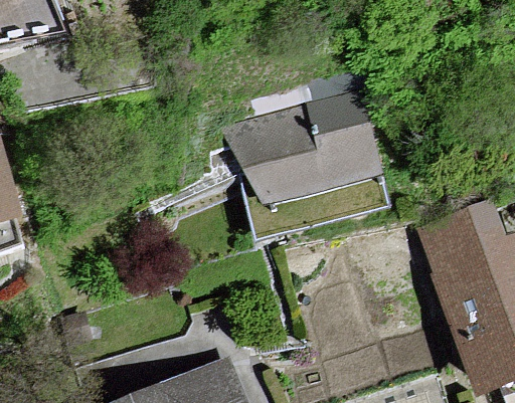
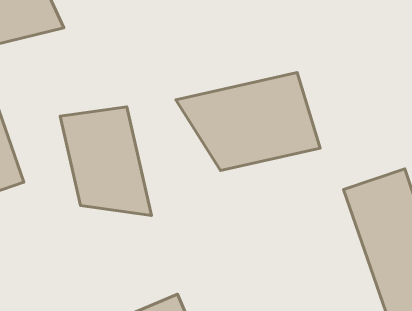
building: none -> [60,107,151,215]

